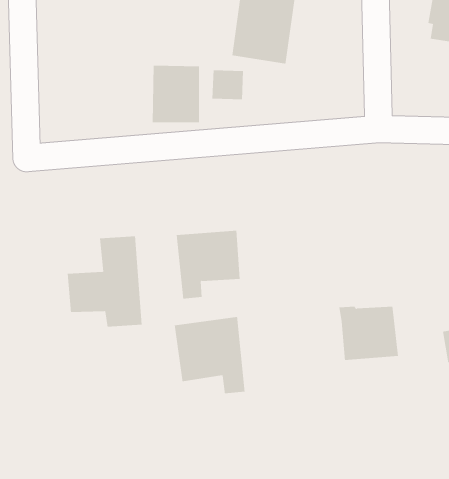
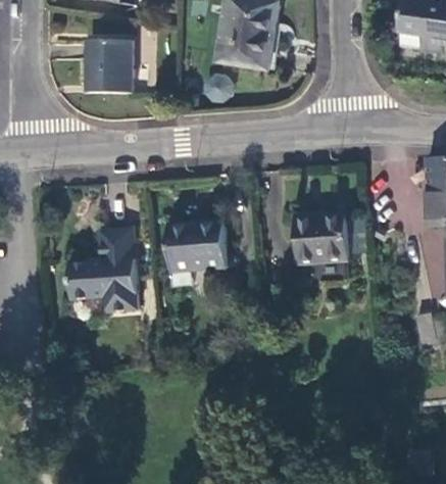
building: [152,65,200,123] -> [86,40,130,93]
building: [339,306,399,361] -> [293,212,348,262]
building: [174,316,245,394] -> none

